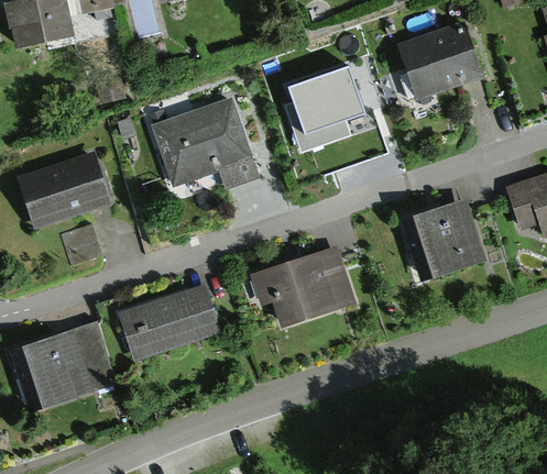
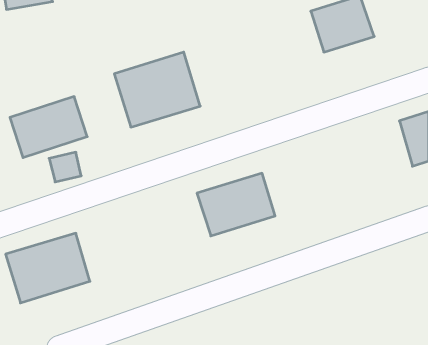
building: [286,65,367,135] -> none
building: [398,200,481,279] -> none
building: [118,284,220,362] -> none

